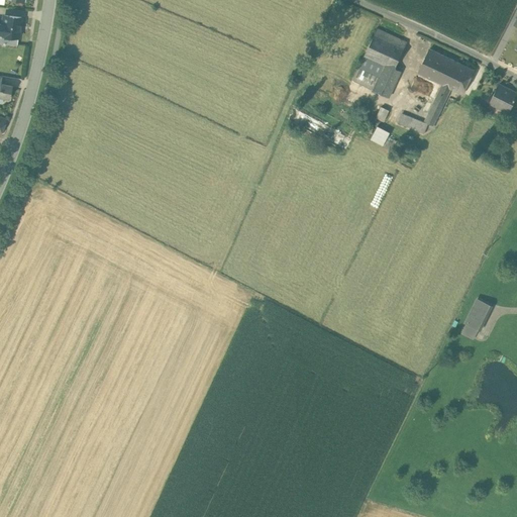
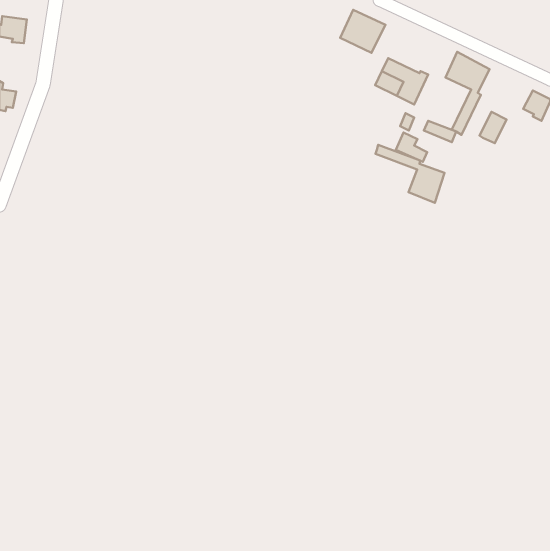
building: [364,28,406,69] -> [340,10,385,53]
building: [447,65,473,94] -> [480,112,507,143]
building: none -> [376,145,444,203]
building: [459,296,494,339] -> none

